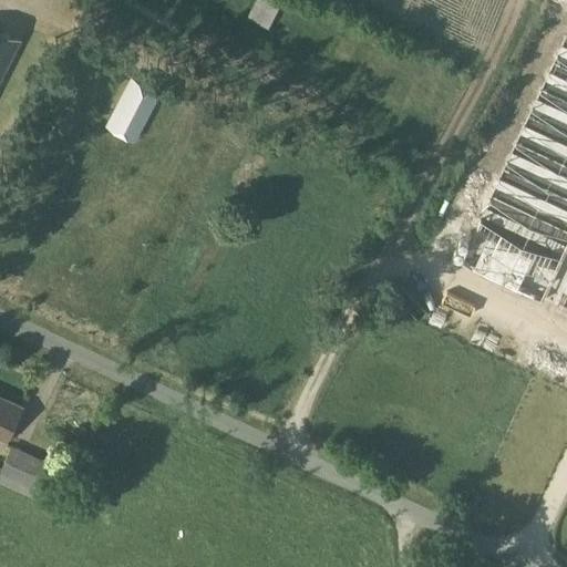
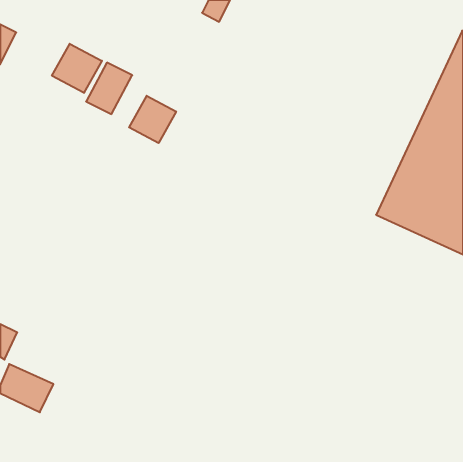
building: none -> [52,44,102,93]
building: none -> [129,96,176,143]

